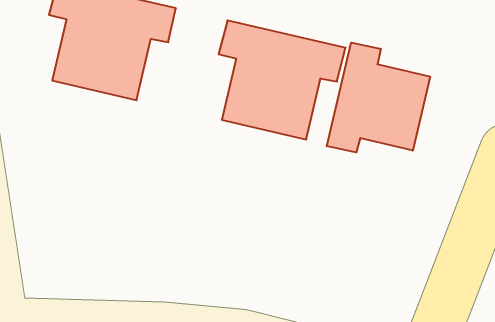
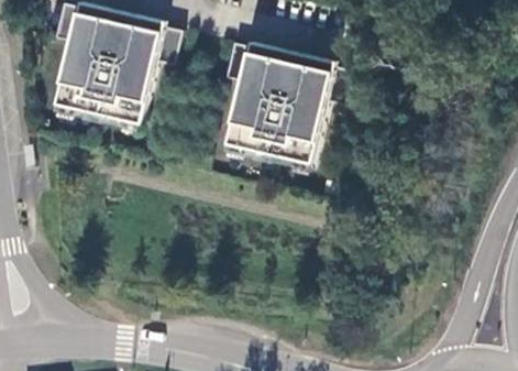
building: [327,43,430,152] -> none

